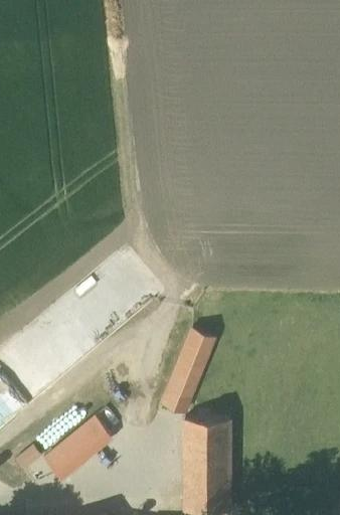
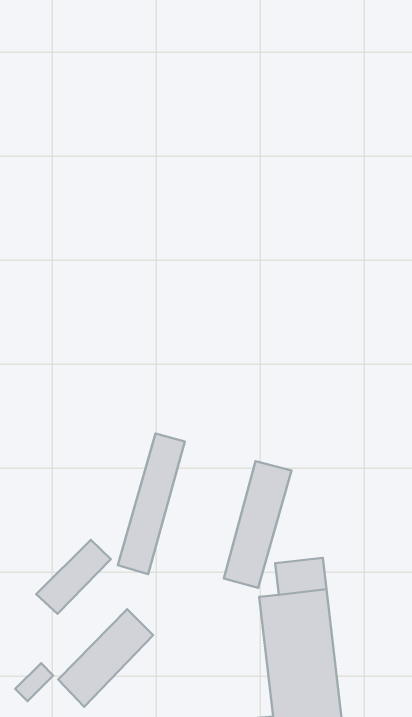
building: none -> [118,433,185,574]
building: none -> [36,540,111,614]

